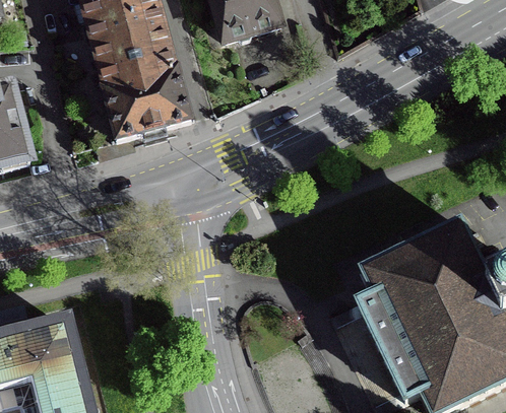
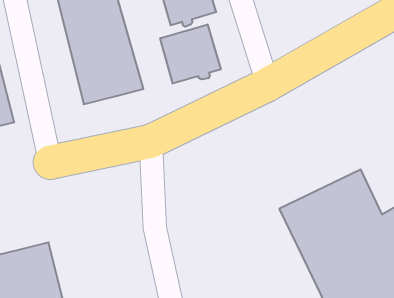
building: none -> [160,24,221,84]

